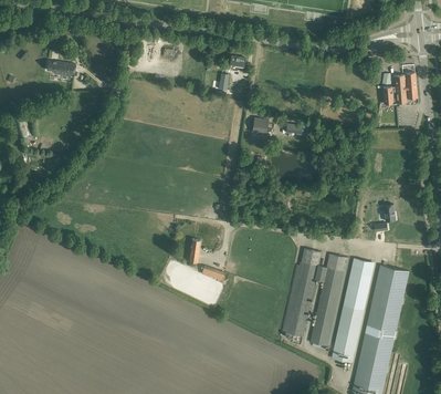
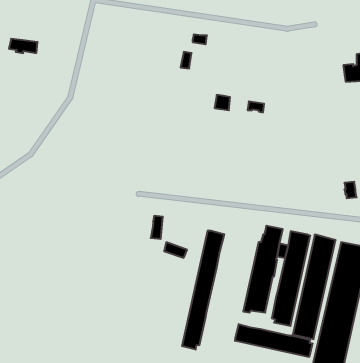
building: none -> [182,230,224,350]
building: none -> [235,324,312,357]

